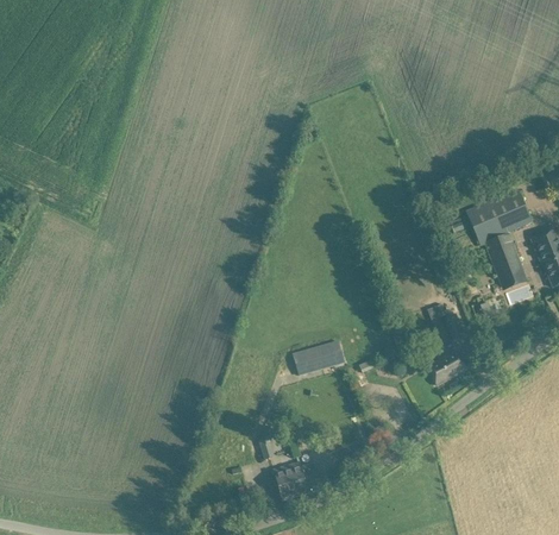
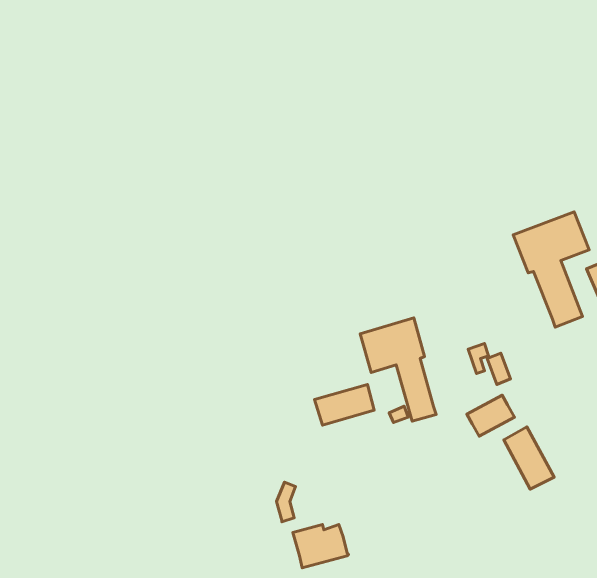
building: none -> [360,318,436,421]
building: none -> [504,427,554,489]

